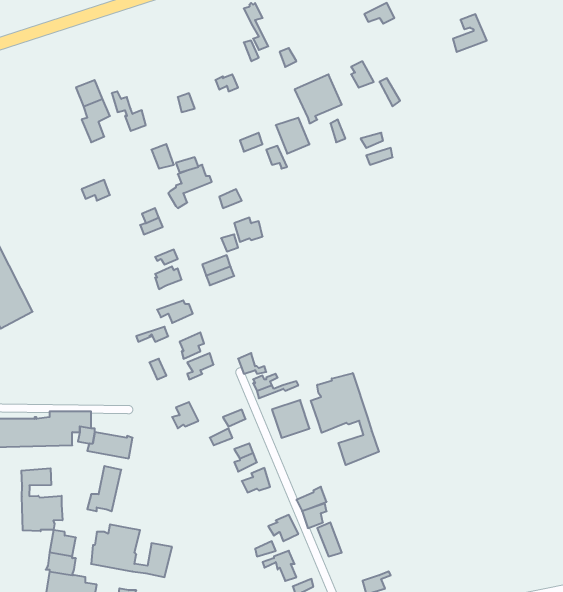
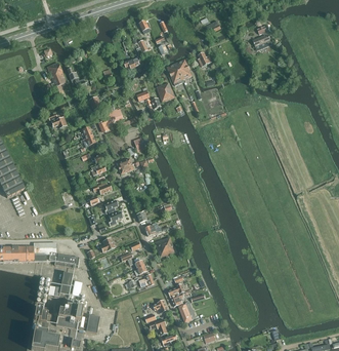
building: [311,373,379,465] -> none
building: [21,468,62,531] -> none

